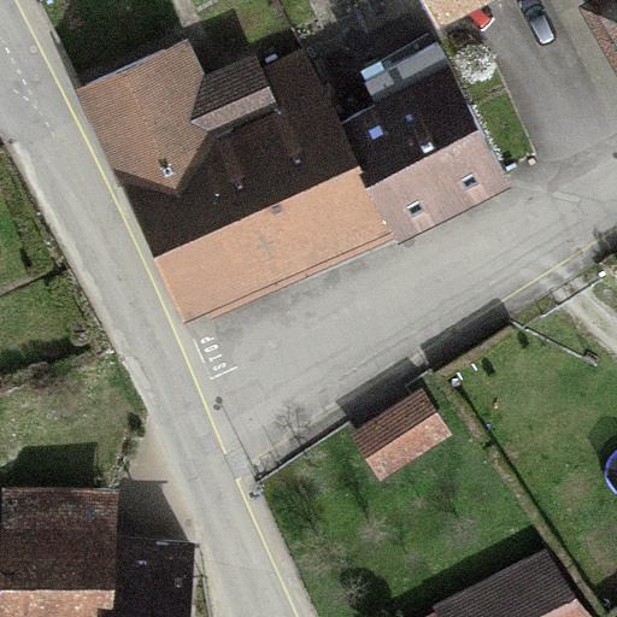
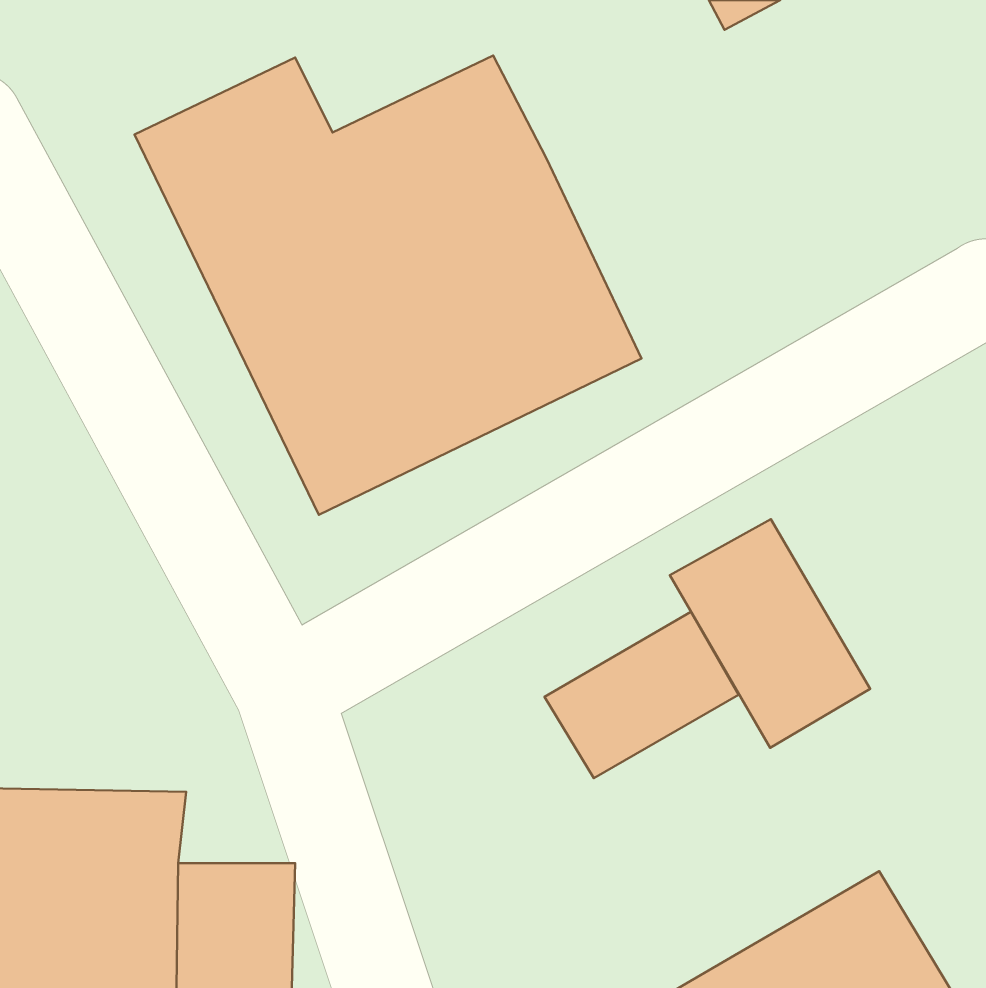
building: [333,52,516,233] -> none
building: none -> [670,519,870,748]

